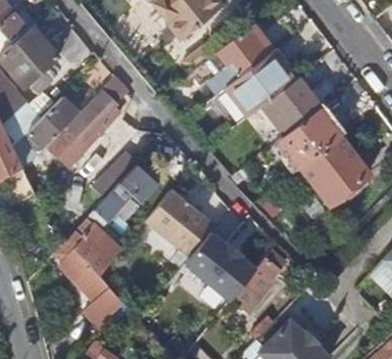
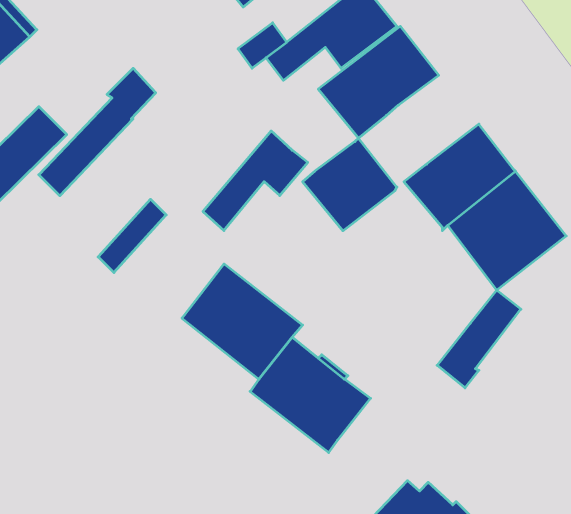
building: [265,78,321,132] -> [303,138,397,231]
building: [96,164,157,222] -> [203,131,308,231]
building: [58,224,125,327] -> none
building: [237,250,286,307] -> [437,290,521,388]

